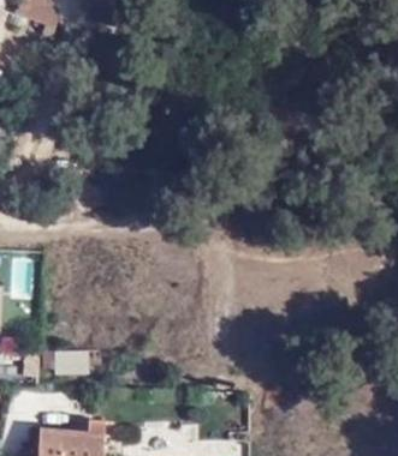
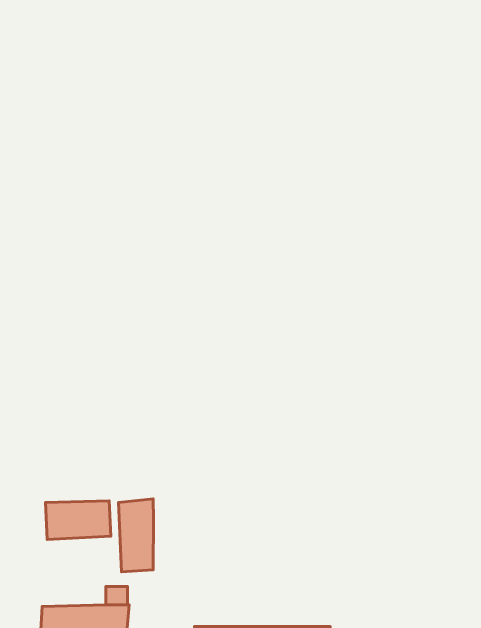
building: none -> [118,499,154,572]

